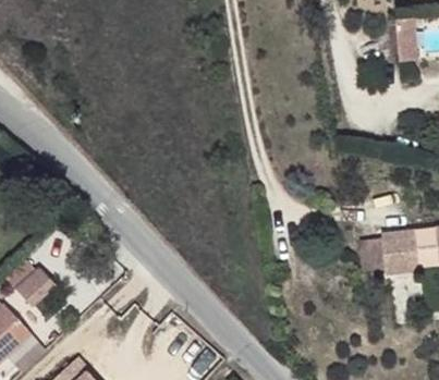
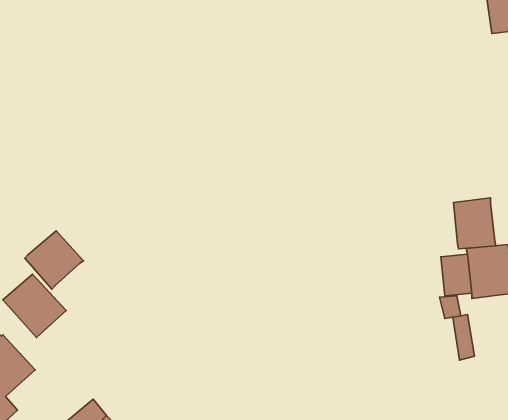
building: none -> [454,198,496,249]
building: none -> [25,231,84,289]

